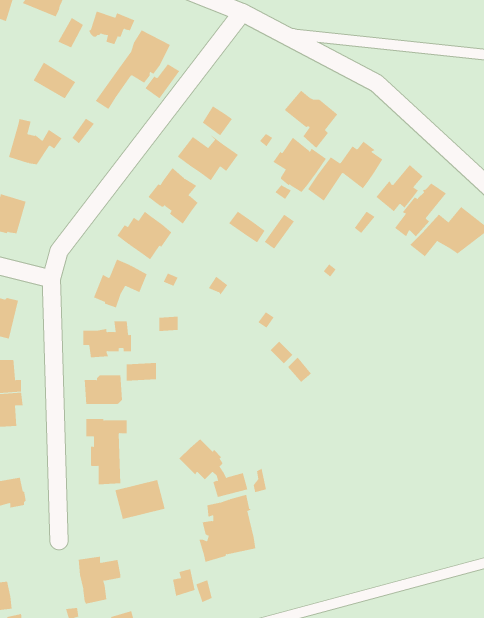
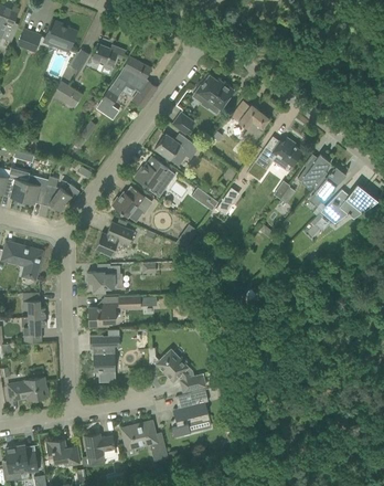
building: [8,118,62,165] -> [41,176,79,209]
building: [272,137,327,193] -> [195,74,234,114]
building: [114,479,166,520] -> [120,421,157,450]
building: none -> [45,439,79,466]

